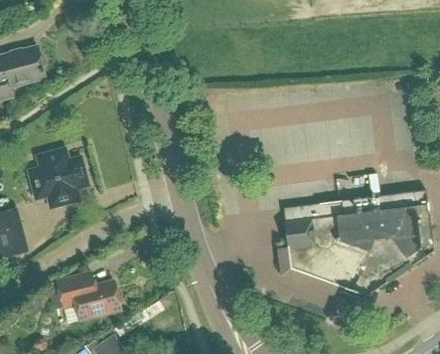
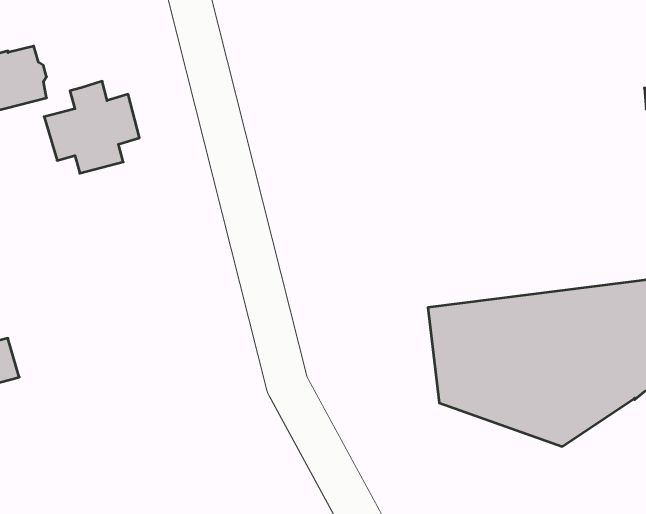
building: [27,149,87,206] -> [44,81,139,173]
building: [55,273,120,320] -> none

